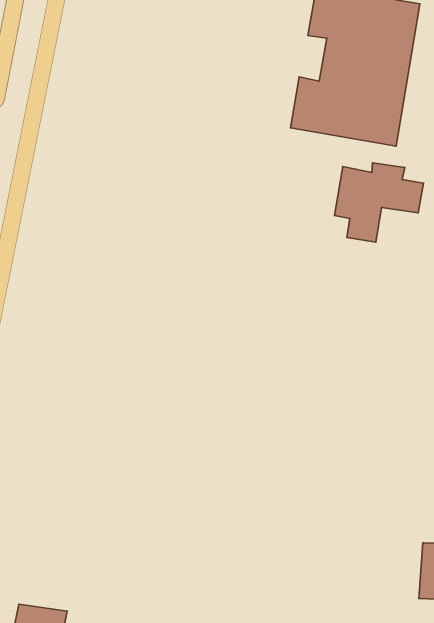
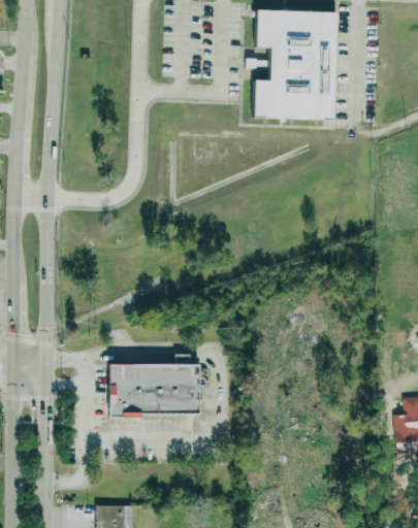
building: [334,163,424,242] -> none
building: none -> [109,362,200,415]

